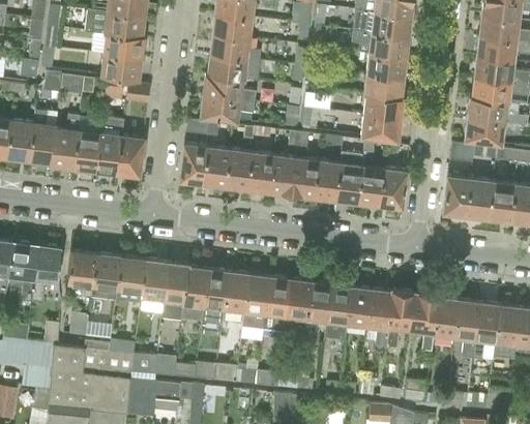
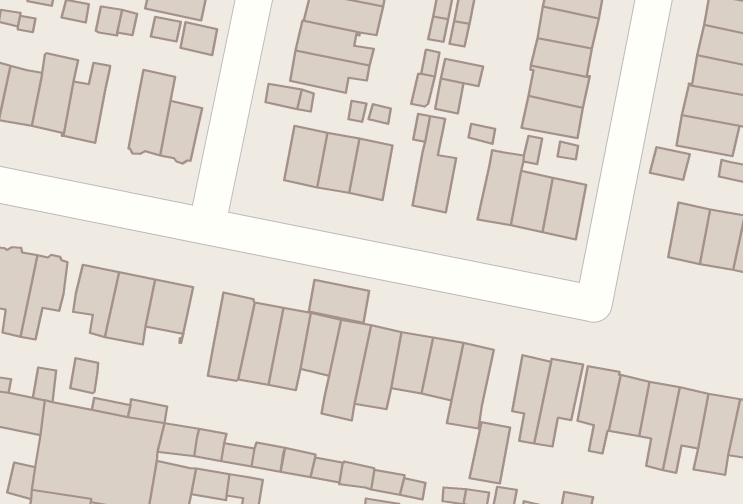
building: [73,130,100,170] -> none
building: [180,143,207,183] -> none
building: [270,154,295,193] -> none
building: [314,159,341,200] -> none
building: [443,176,470,215] -> none
building: none -> [309,280,369,323]
building: [142,260,168,300] -> none
building: [348,286,373,327] -> [469,422,510,484]

